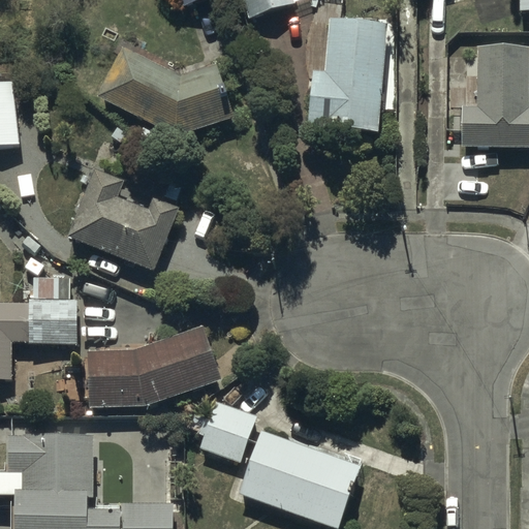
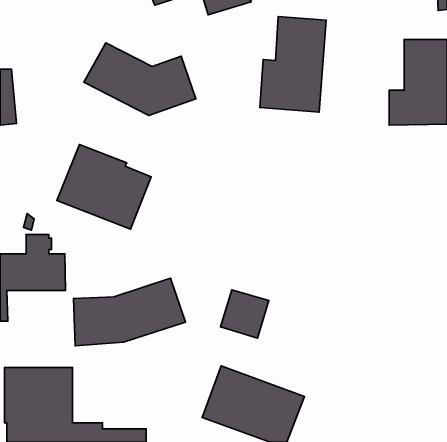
building: [198,403,255,460] -> [221,290,269,338]

